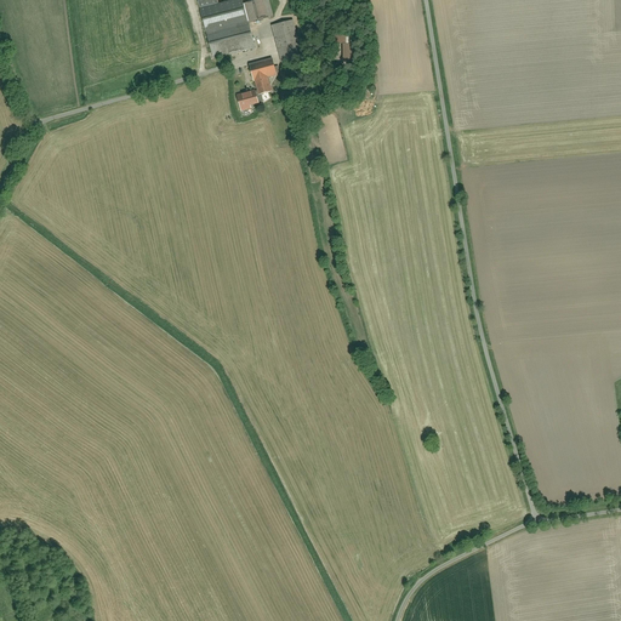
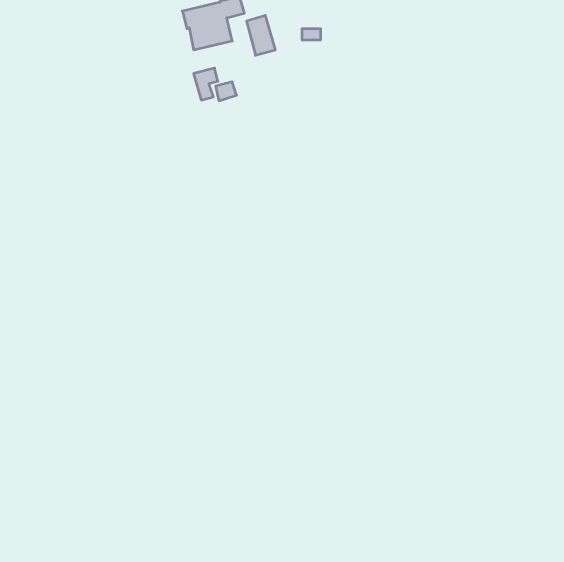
building: [249,58,275,93] -> [194,68,218,100]

